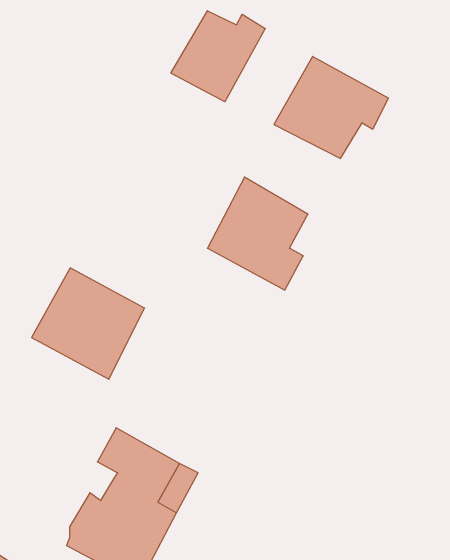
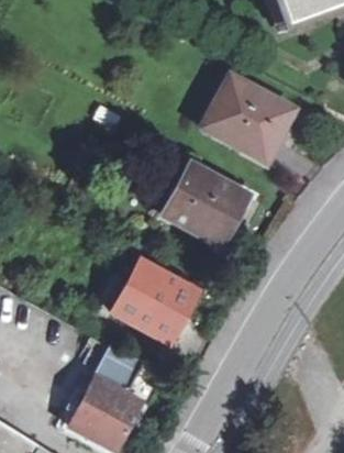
building: [171,11,265,102] -> none
building: [32,268,145,379] -> [115,263,196,342]

